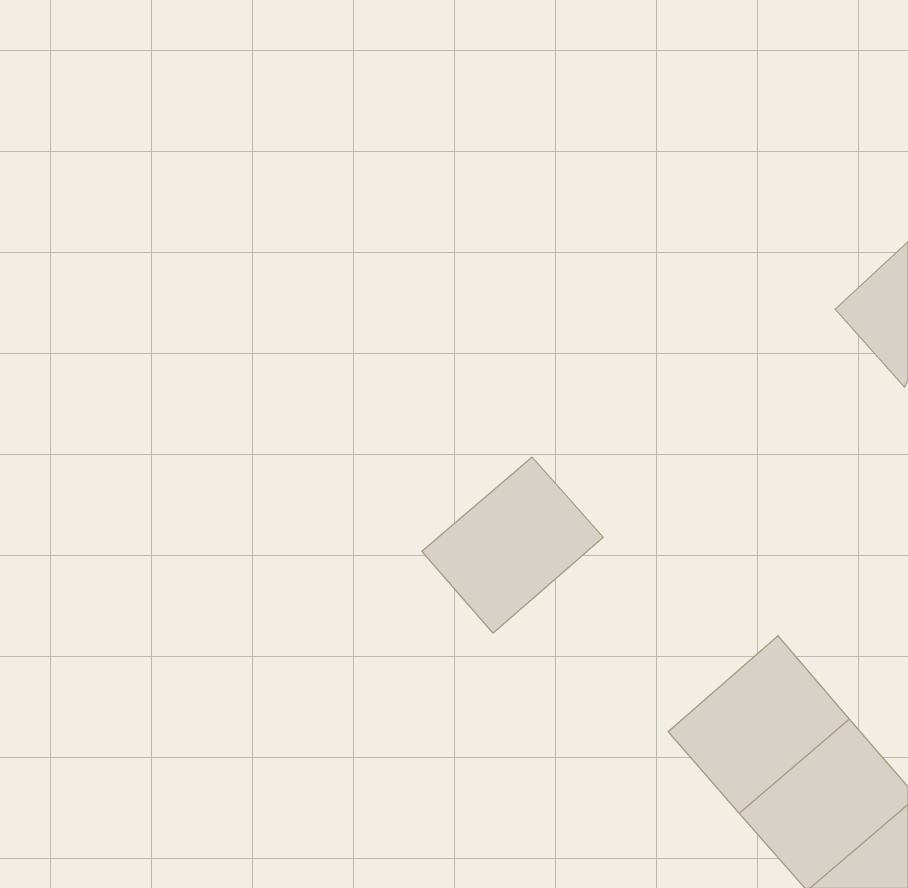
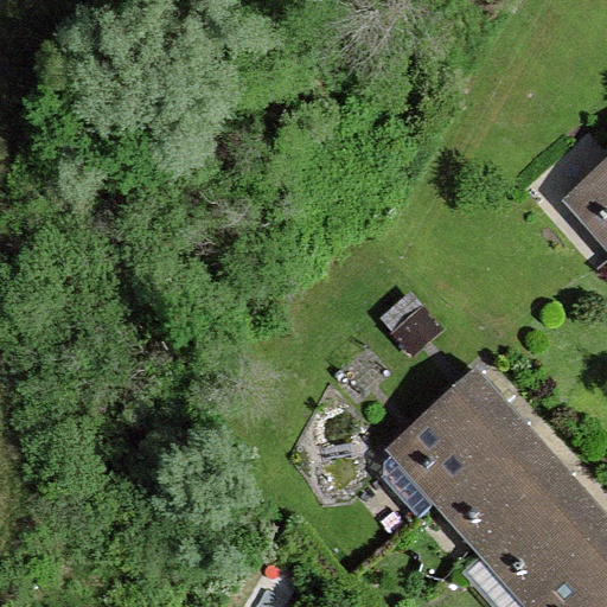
building: [422,457,603,633] -> [398,371,519,488]

